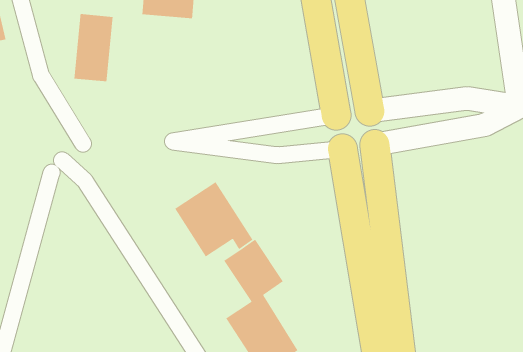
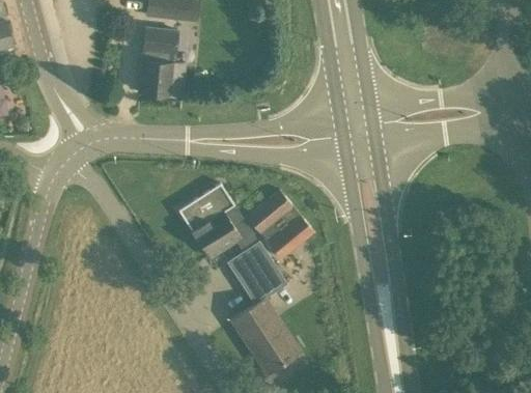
building: [74,13,113,82] -> [140,27,179,95]
building: none -> [246,190,314,259]

